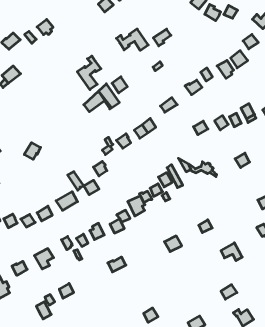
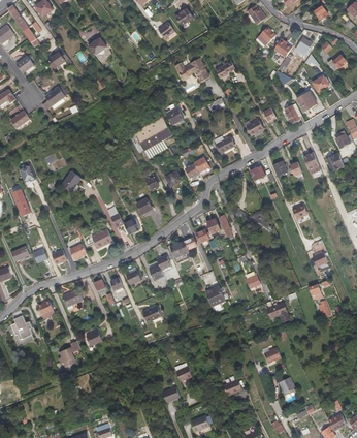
building: [77,56,101,90] -> none

